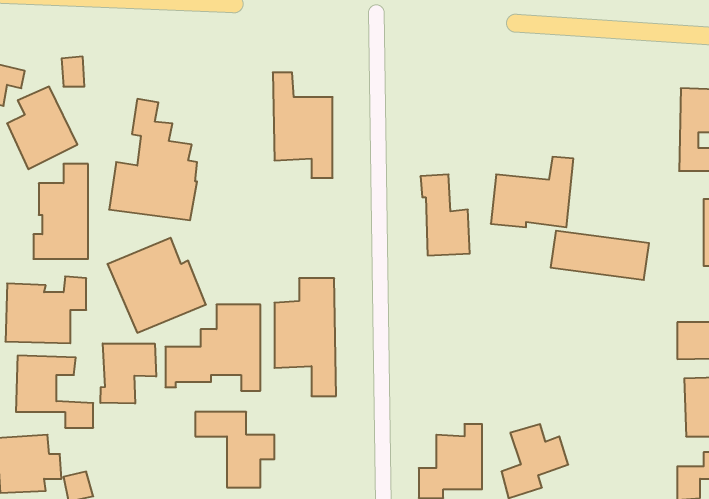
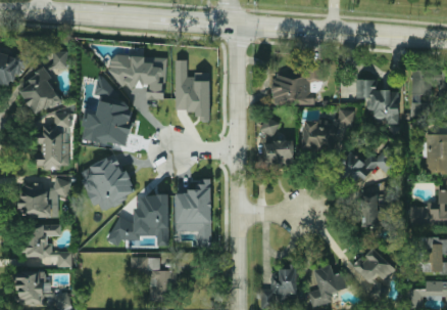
building: none -> [111,55,165,99]
building: none -> [271,65,321,104]
building: none -> [355,79,397,123]
building: none -> [359,196,386,226]
building: [100,343,156,404] -> none
building: none -> [352,247,395,284]

